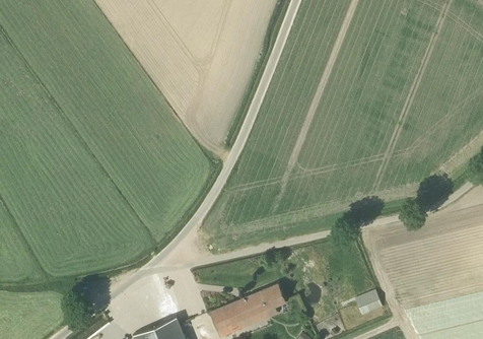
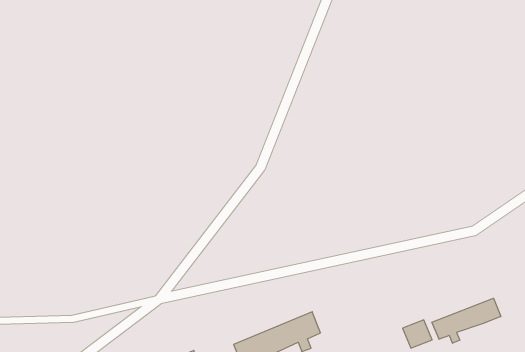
building: none -> [432,298,501,343]

